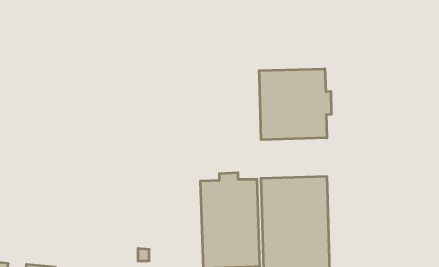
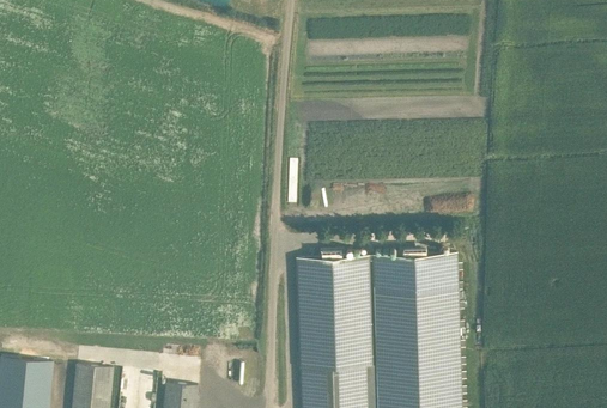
building: [259,69,331,140] -> none

